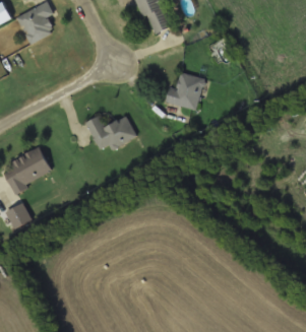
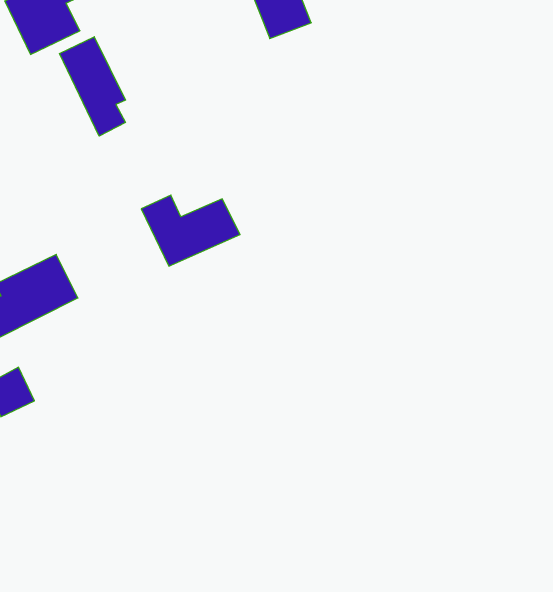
building: none -> [59,37,125,136]
building: [166,73,203,110] -> none

